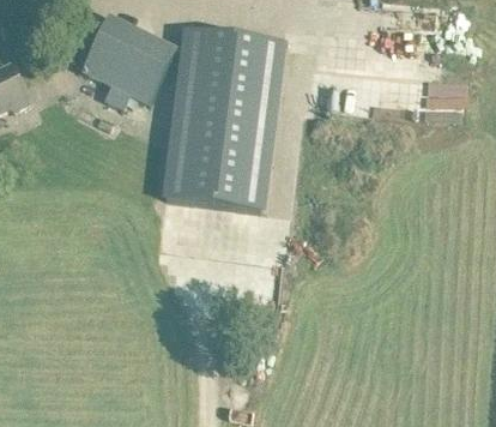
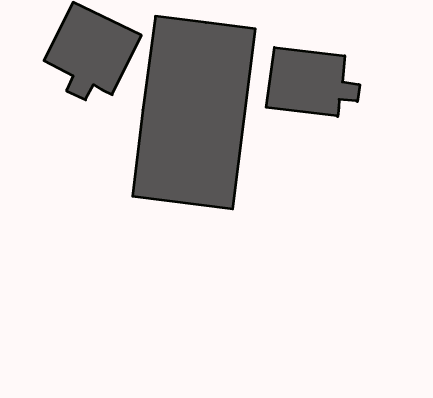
building: none -> [266,47,360,117]

